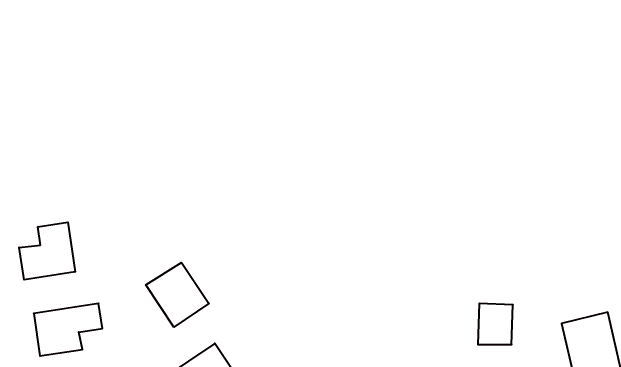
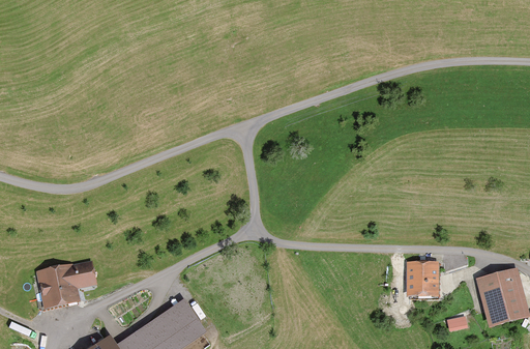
building: [19,222,75,280] -> none
building: [146,263,209,327] -> none

